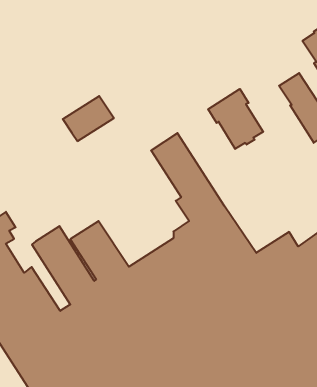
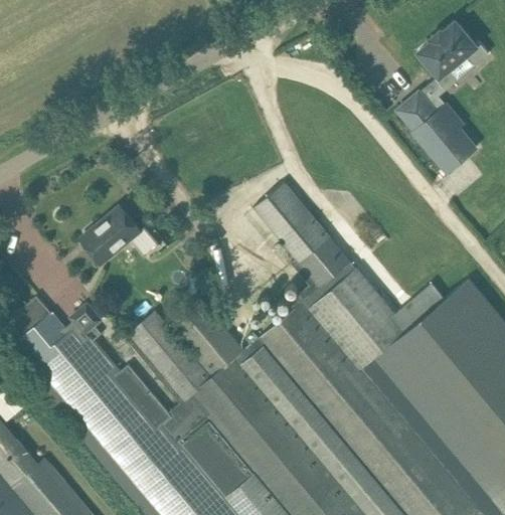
building: [208,89,263,149] -> none
building: [63,96,114,141] -> [79,206,141,264]

